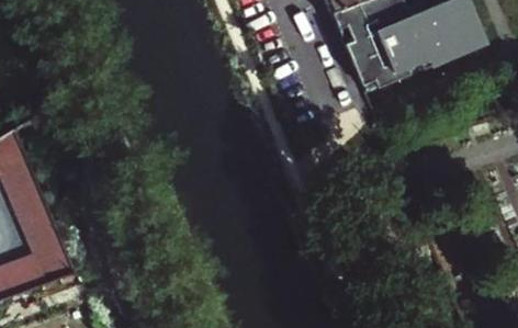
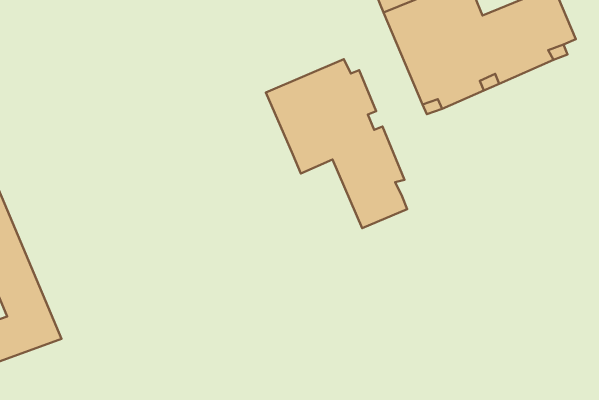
building: none -> [266,59,407,228]

